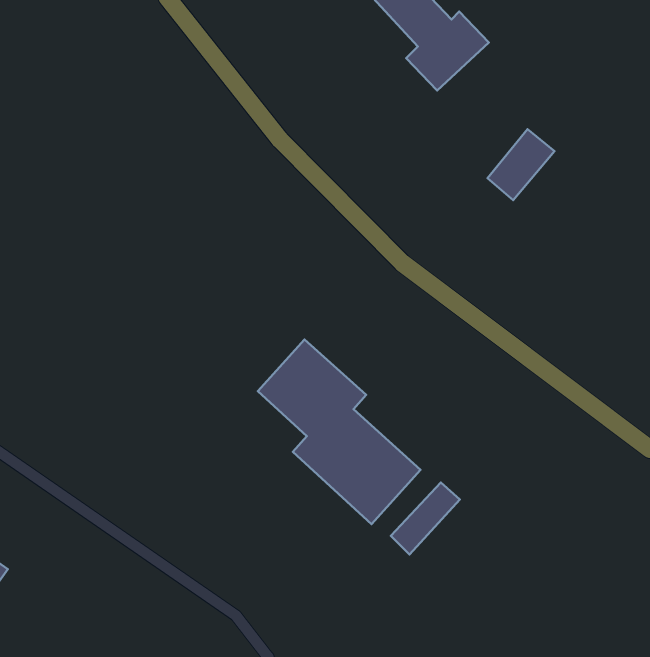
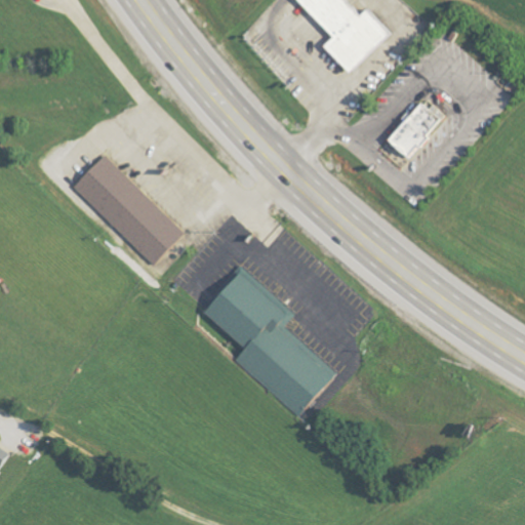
building: none -> [73,155,181,264]
building: [391,482,460,554] -> none

